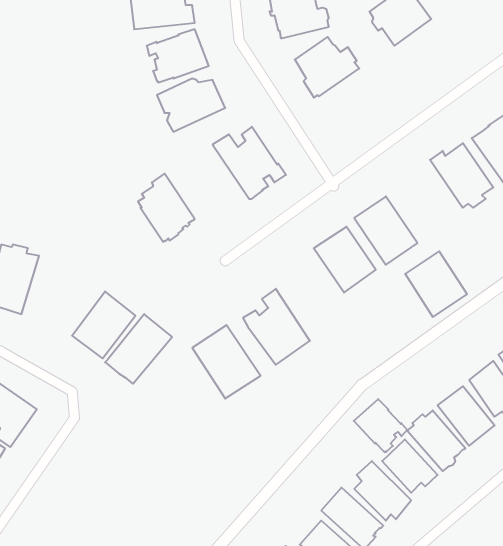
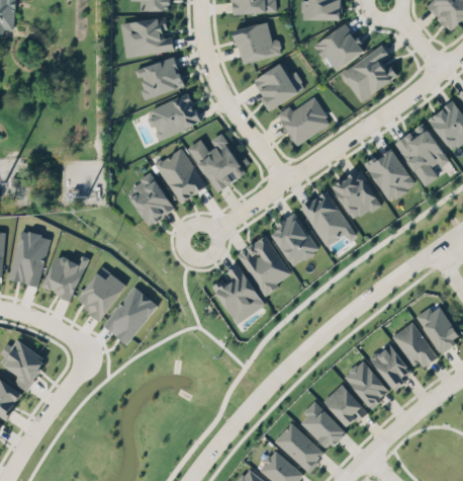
building: none -> [341,45,396,103]
building: none -> [277,97,331,146]
building: none -> [156,148,206,204]
building: [405,251,467,317] -> [332,169,381,222]
building: none -> [42,255,88,300]
building: [192,325,261,399] -> [238,236,292,295]
building: [354,399,407,452] -> none

